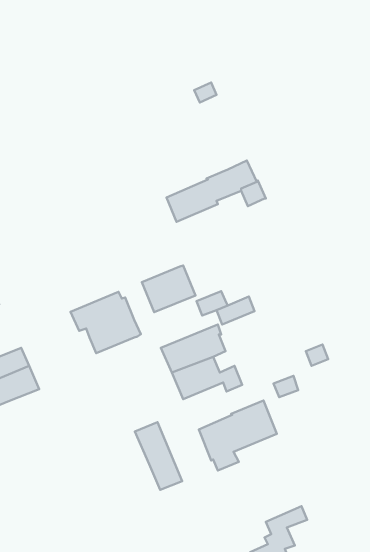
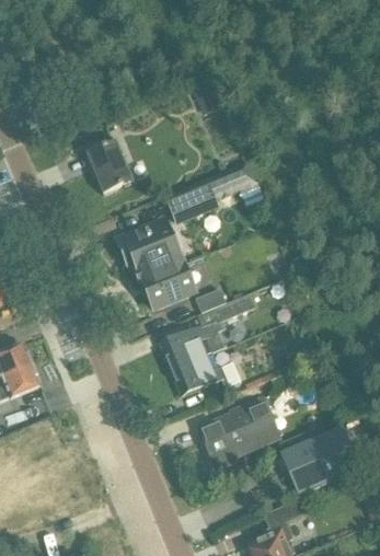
building: none -> [85,134,134,193]
building: [70,292,141,353] -> [116,219,185,279]
building: [135,422,182,490] -> none
building: none -> [280,427,358,493]

